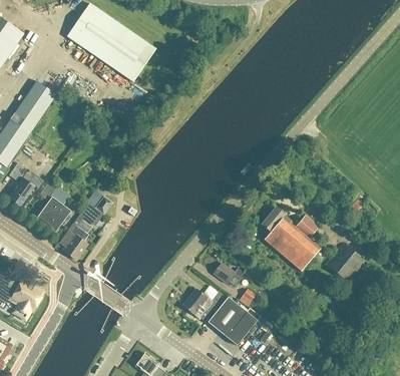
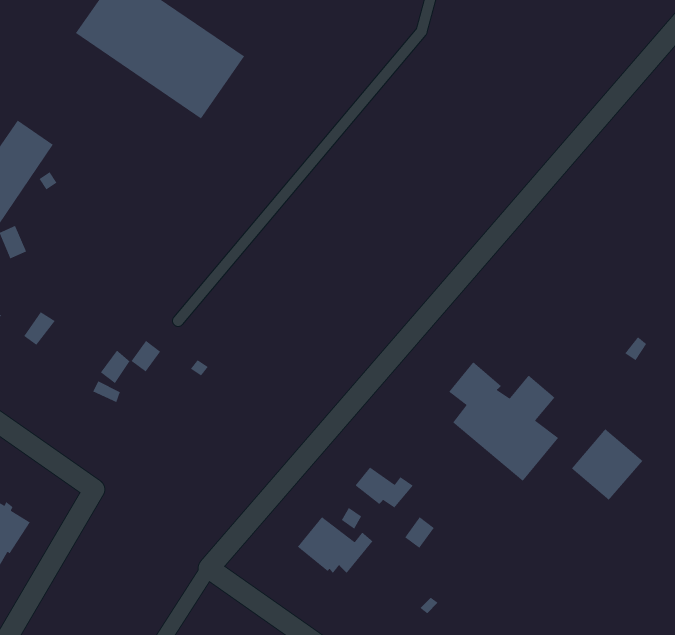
building: [36,197,72,232] -> none
building: [60,226,86,259] -> none
building: [207,296,256,344] -> none

